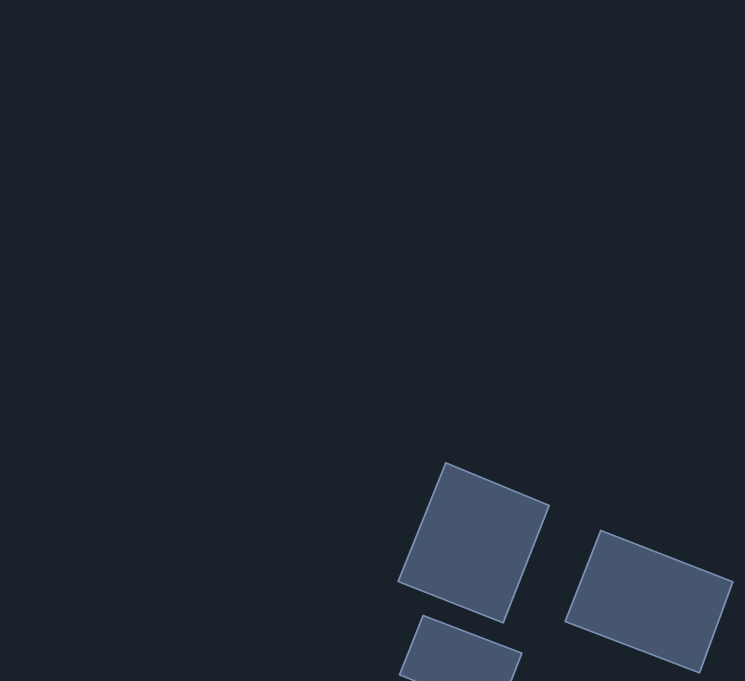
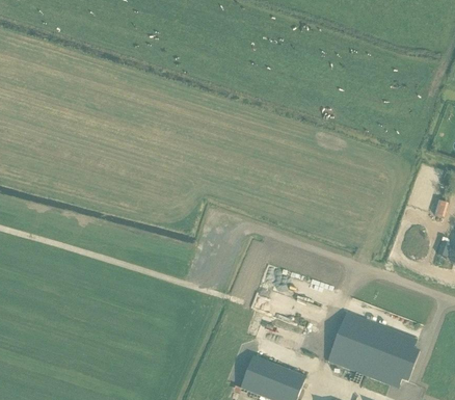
building: [398,463,549,623] -> none

